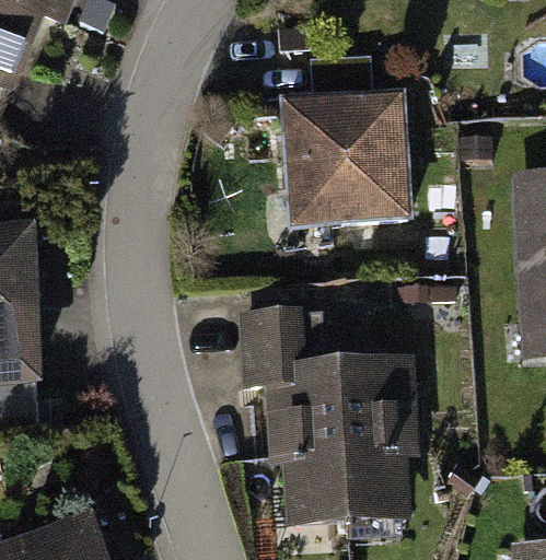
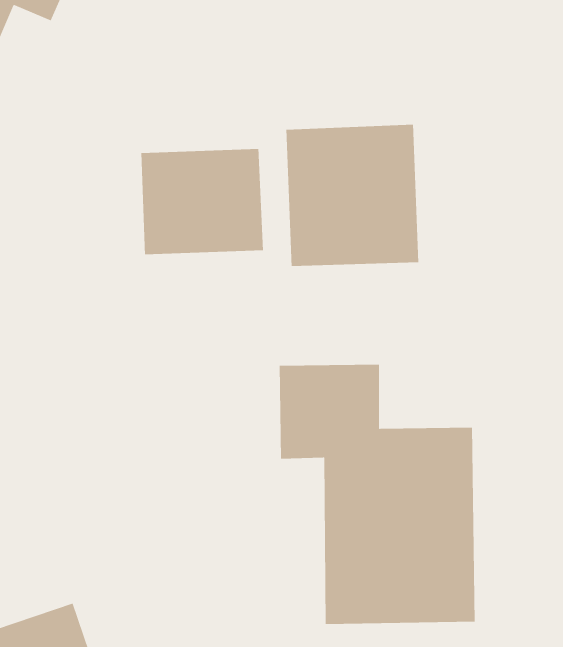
building: none -> [141,148,264,255]

